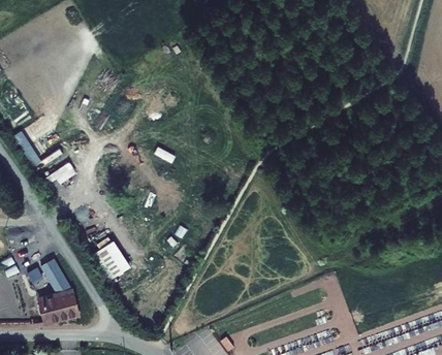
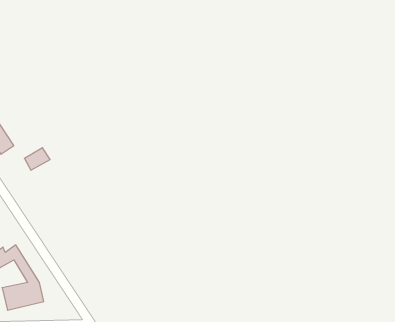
building: [90,244,126,280] -> none

